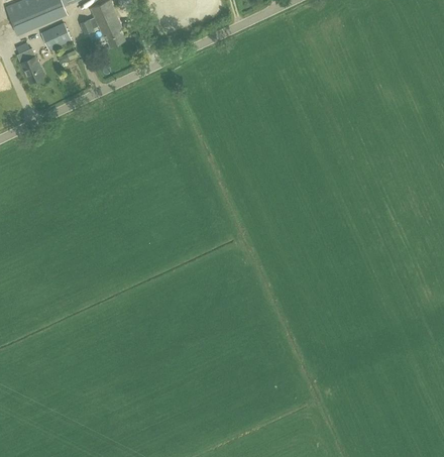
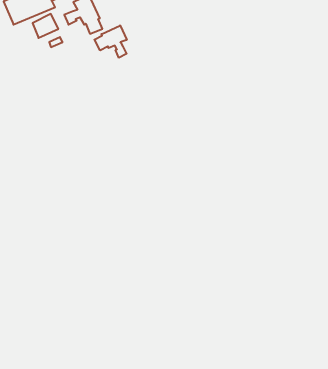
building: none -> [94,25,127,58]
building: [16,48,43,83] -> none

